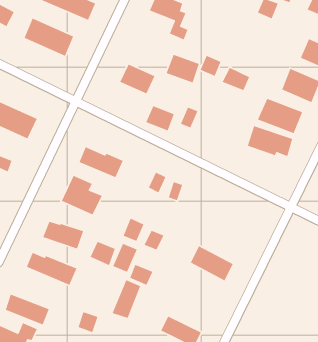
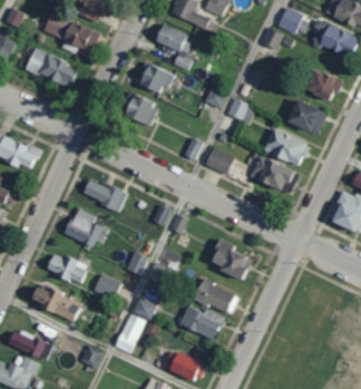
building: [166,54,200,83] -> [136,62,170,93]
building: [145,105,175,131] -> [204,147,234,174]
building: none -> [211,239,248,279]
building: [112,243,138,273] -> none
building: none -> [178,305,224,340]

